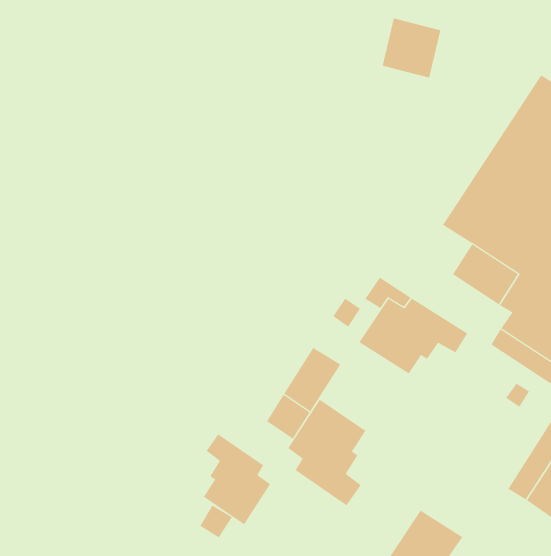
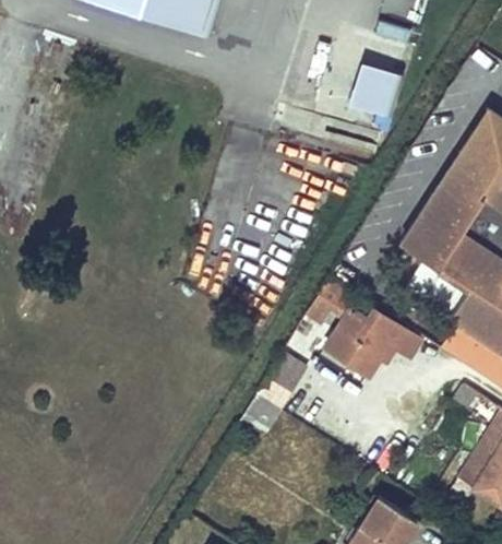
building: [287,399,366,506] -> none
building: [203,433,271,525] -> none

